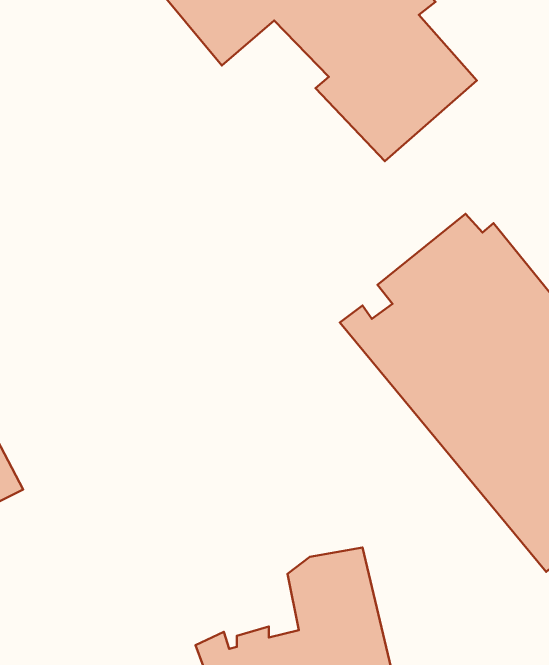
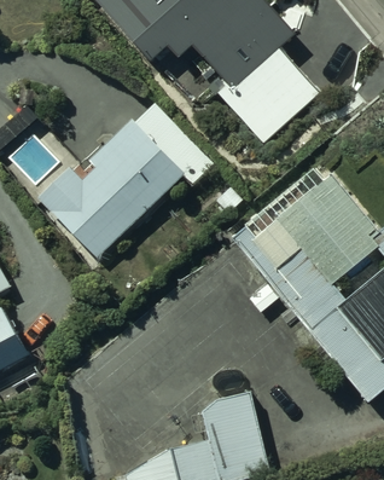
building: none -> [36,100,215,259]

